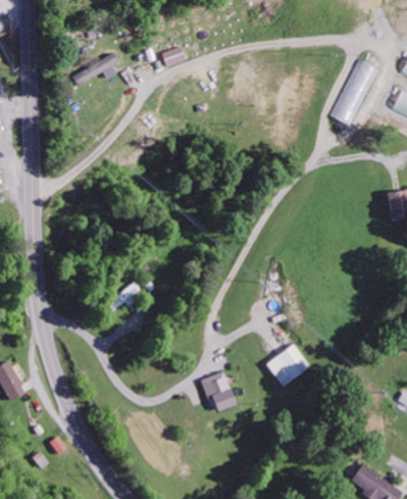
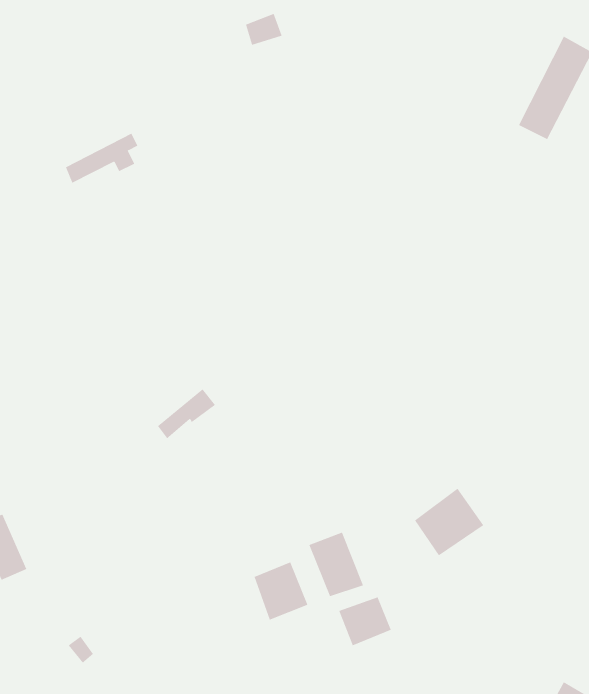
building: [70,53,116,85] -> [65,133,138,183]
building: none -> [254,562,308,620]
building: none -> [338,597,391,646]

